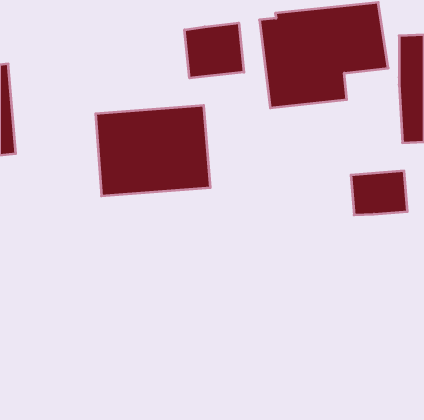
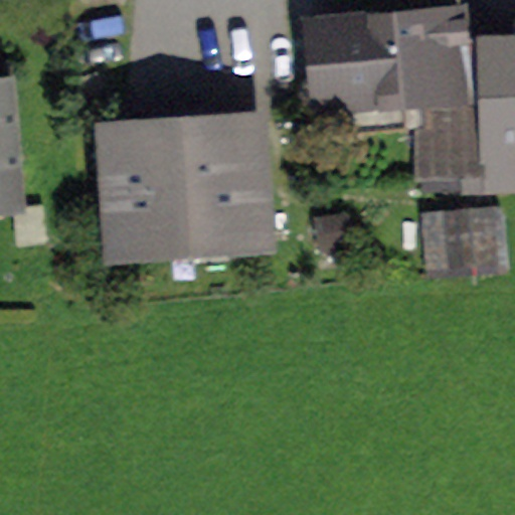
building: [185,23,244,78] -> none
building: none -> [440,103,488,186]

